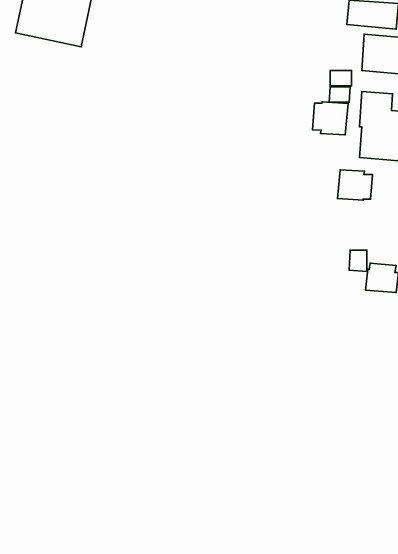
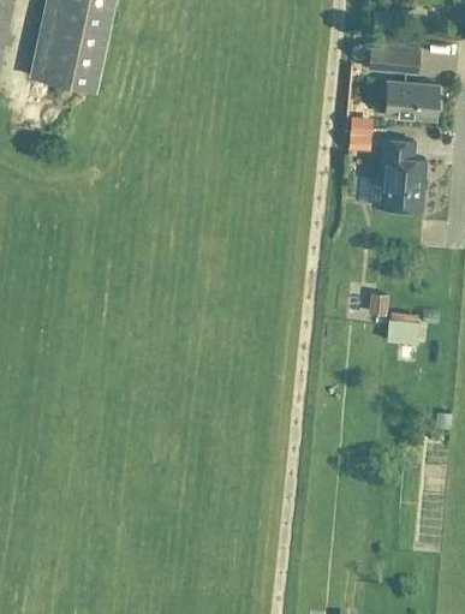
building: [313,102,348,135] -> none
building: [338,170,372,200] -> none

